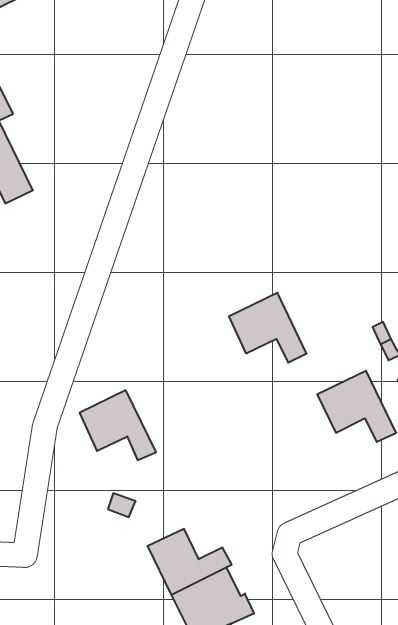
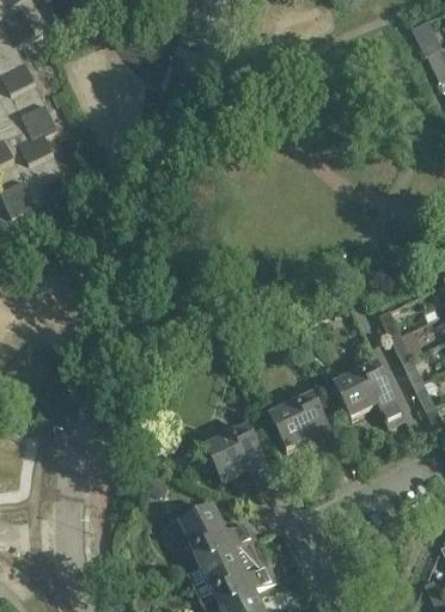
building: [229,293,307,363] -> [267,390,337,453]
building: [80,390,156,460] -> [203,421,273,484]

